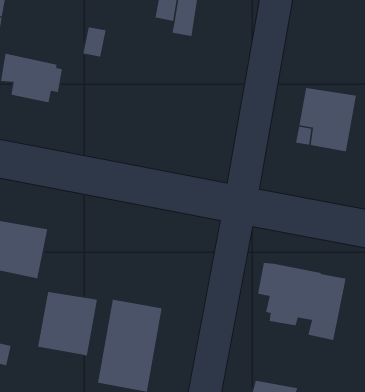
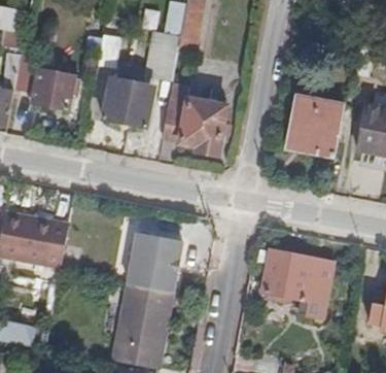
building: none -> [145,32,180,78]
building: none -> [103,76,153,127]
building: none -> [162,84,229,155]
building: [37,291,98,356] -> [125,234,179,293]

